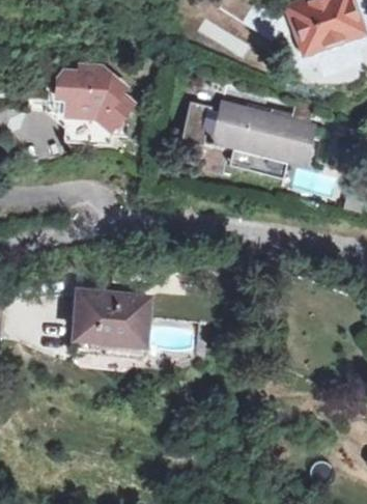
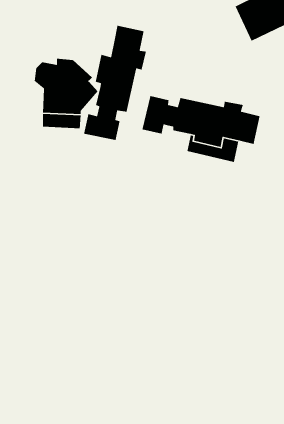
building: none -> [83,25,147,141]
building: [74,286,149,347] -> none

